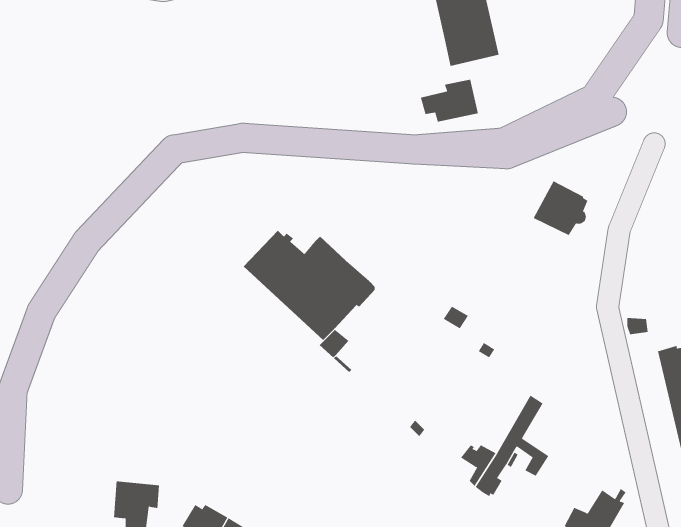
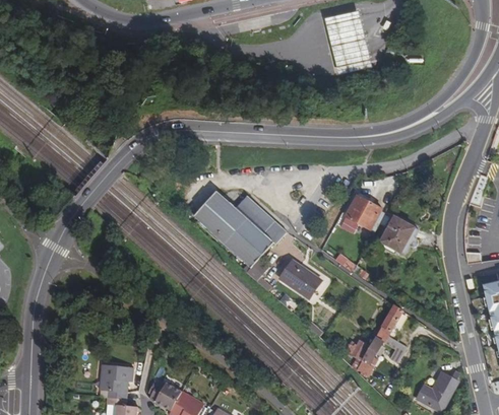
building: [420,79,478,123] -> none
building: [533,180,588,236] -> [379,216,418,255]
building: none -> [344,195,381,230]
building: none -> [278,263,319,300]

